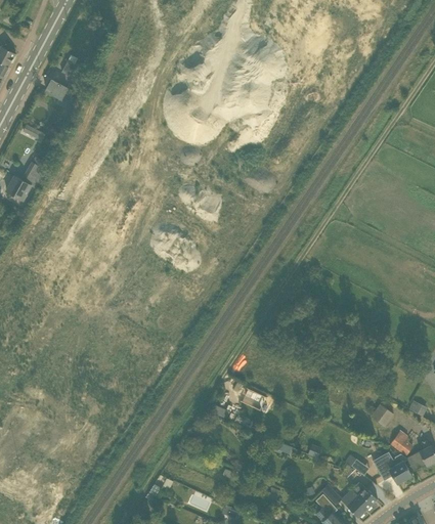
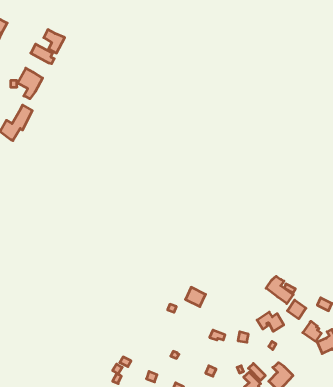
building: none -> [18,68,43,99]
building: none -> [266,276,293,304]
building: [377,458,410,483] -> [257,312,284,331]

